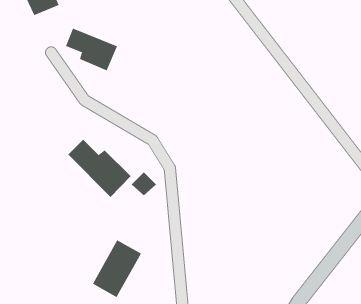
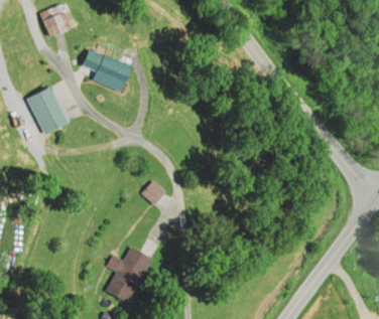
building: none -> [27,88,67,133]
building: [68,139,131,198] -> none

